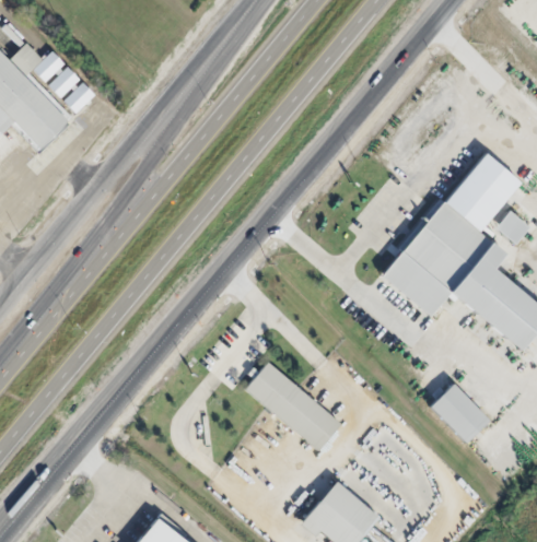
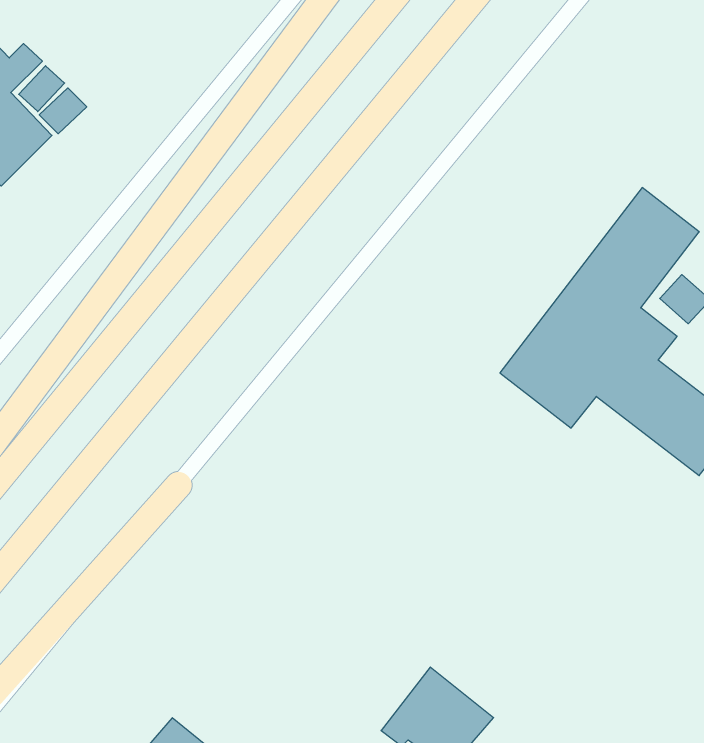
building: [248,363,343,451] -> none
building: [434,384,493,444] -> none

